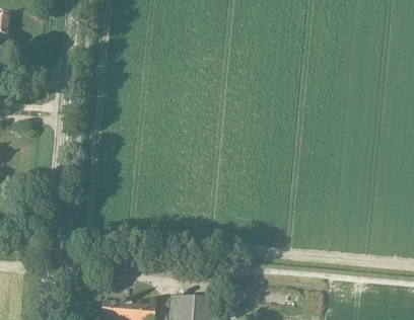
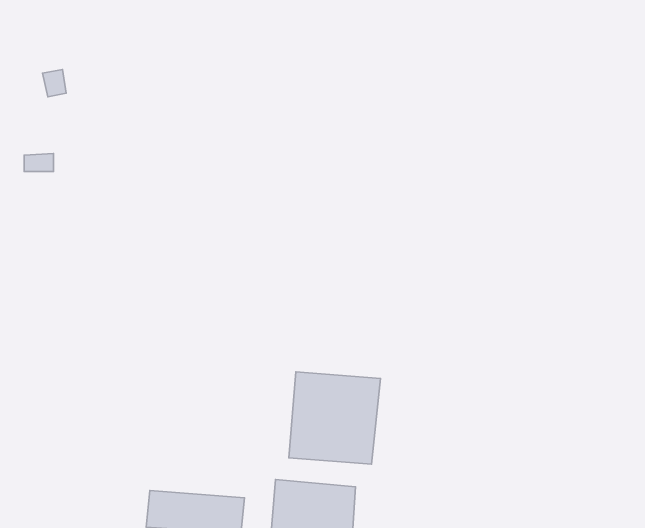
building: none -> [289,372,381,464]

